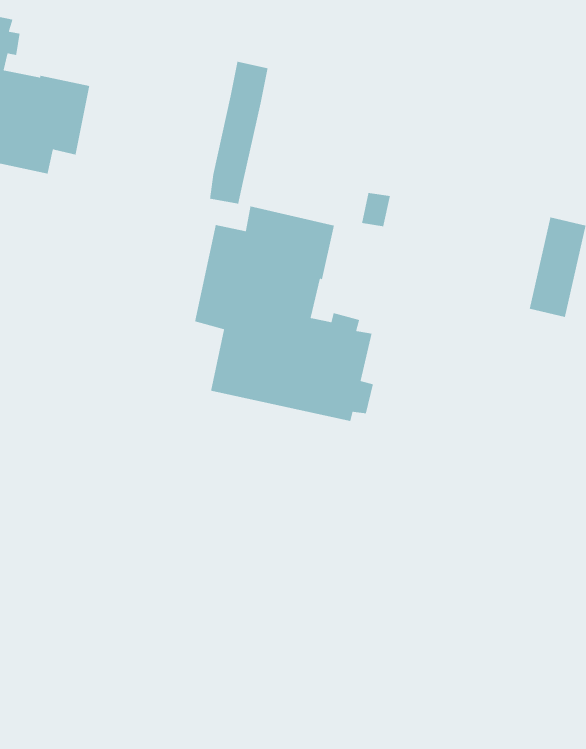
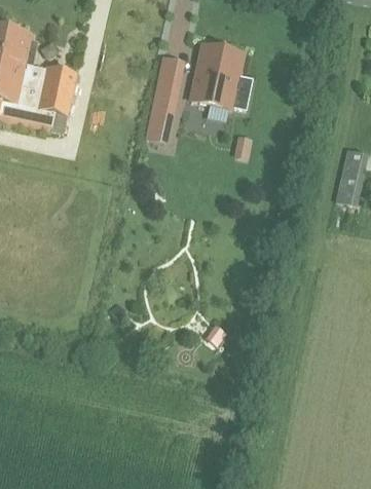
building: none -> [190,45,252,109]
building: [194,206,374,422] -> none

